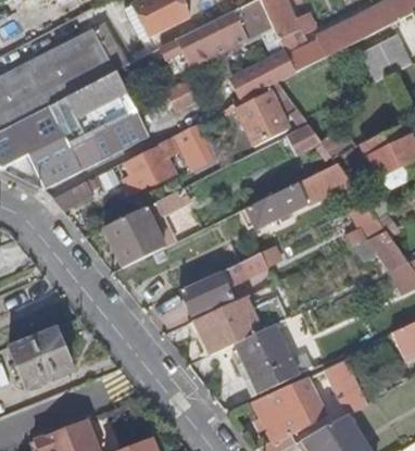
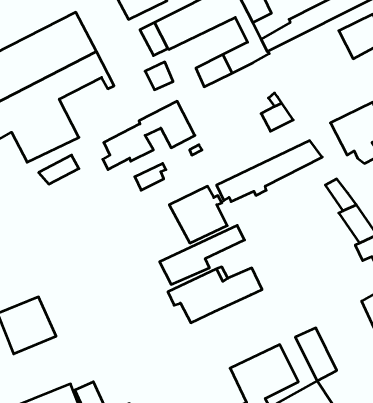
building: [236,90,288,145] -> none
building: [75,97,148,160] -> none
building: [103,206,164,266] -> [169,186,227,243]
building: [238,325,298,392] -> none

